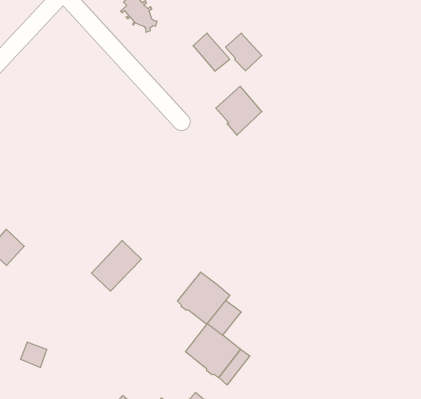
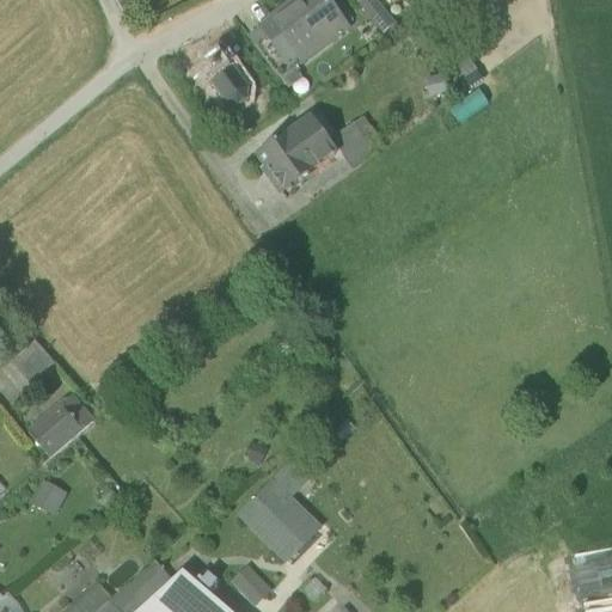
building: [216,86,262,135] -> [258,130,316,191]
building: [92,240,141,291] -> [30,392,94,454]
building: [177,272,230,324] -> none

